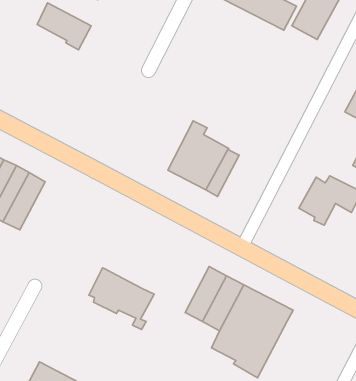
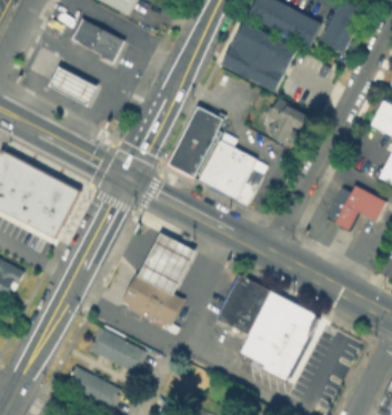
building: none -> [222,30,291,91]
building: none -> [47,65,97,107]
building: none -> [271,104,310,143]
building: none -> [164,105,222,179]
building: none -> [137,232,194,294]
building: none -> [87,327,145,374]

